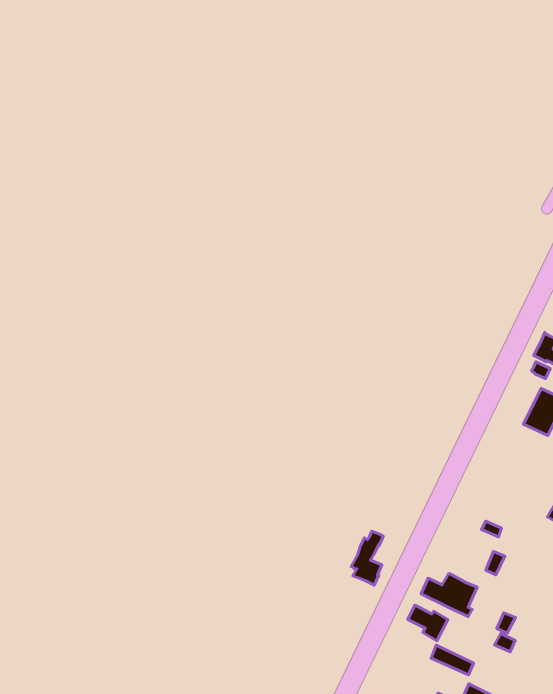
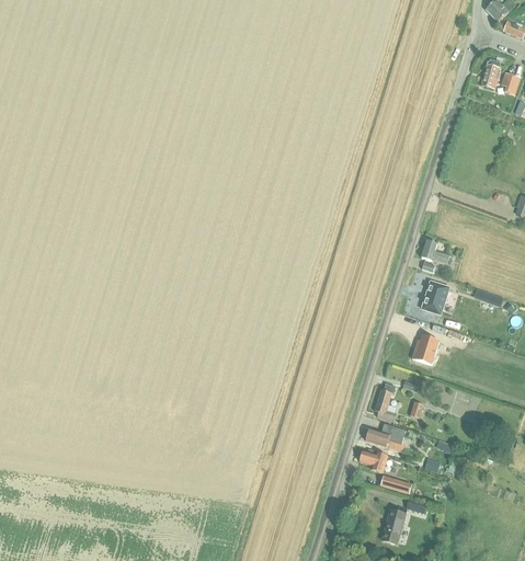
building: none -> [411,334,438,364]
building: [351,531,383,585] -> [374,382,396,421]

